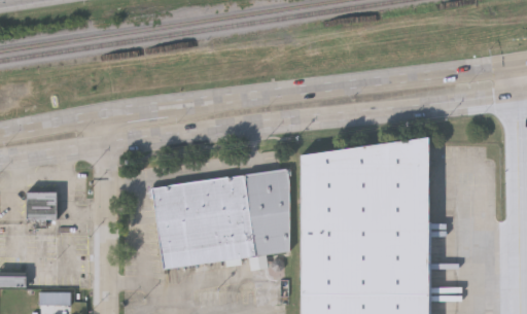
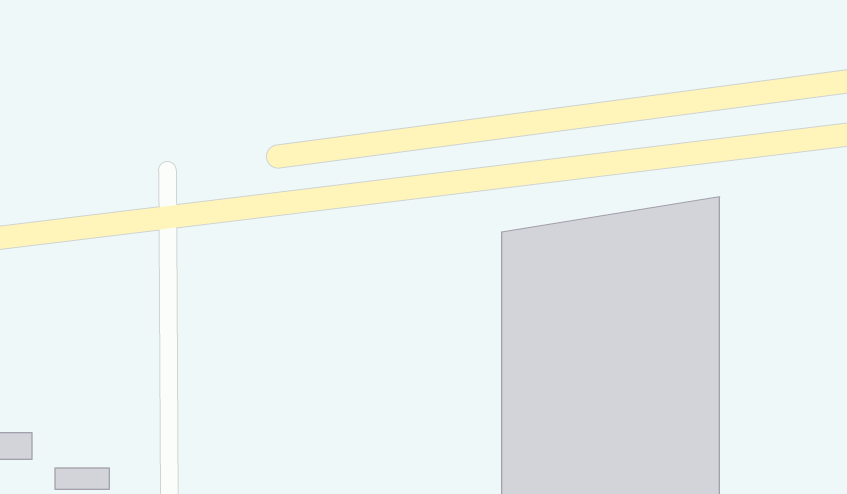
building: [151,168,289,272] -> none
building: [25,193,55,219] -> none

